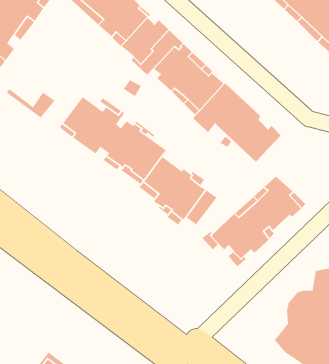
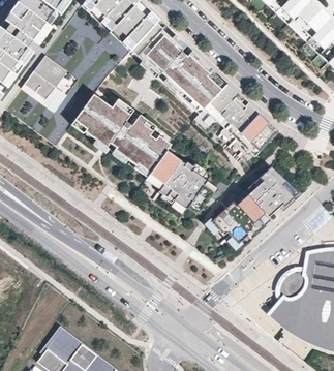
building: none -> [25,56,67,101]

